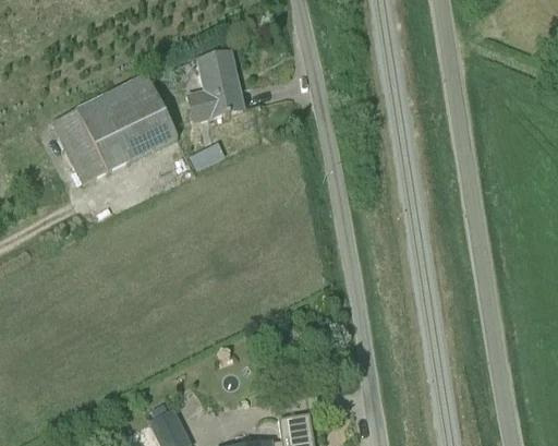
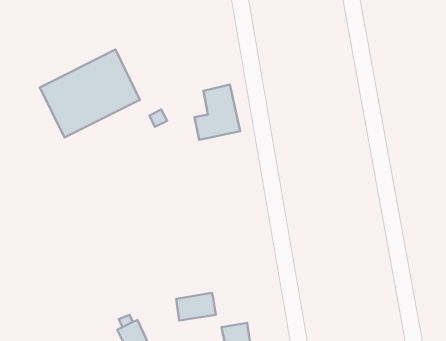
building: [186,51,243,120] -> [195,85,240,140]
building: none -> [176,293,216,320]

